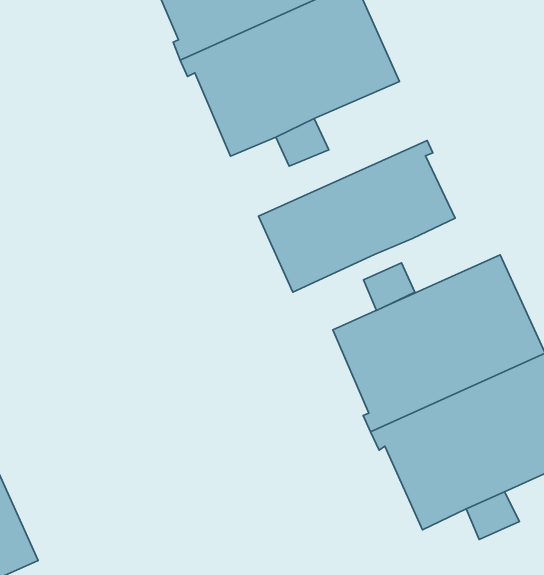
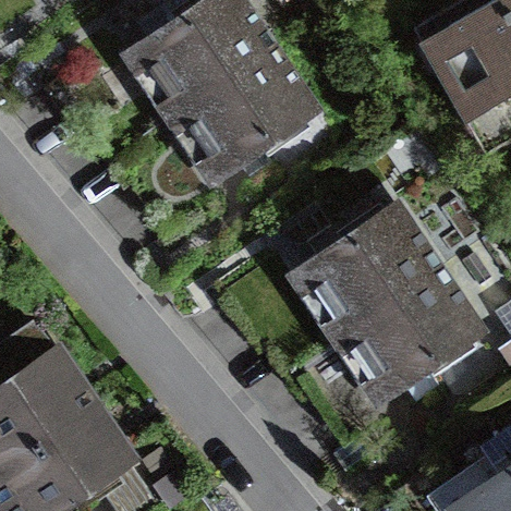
building: [258,140,455,292] -> none

